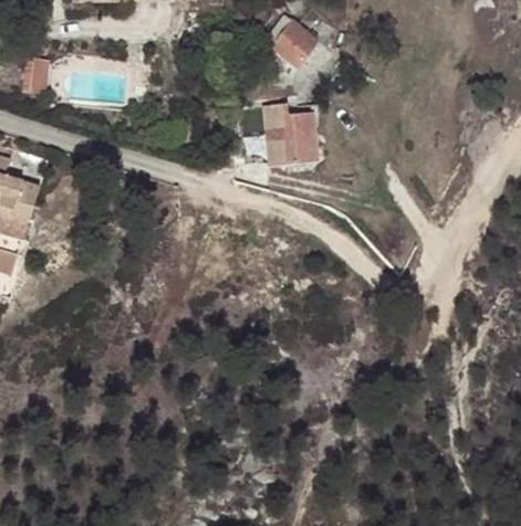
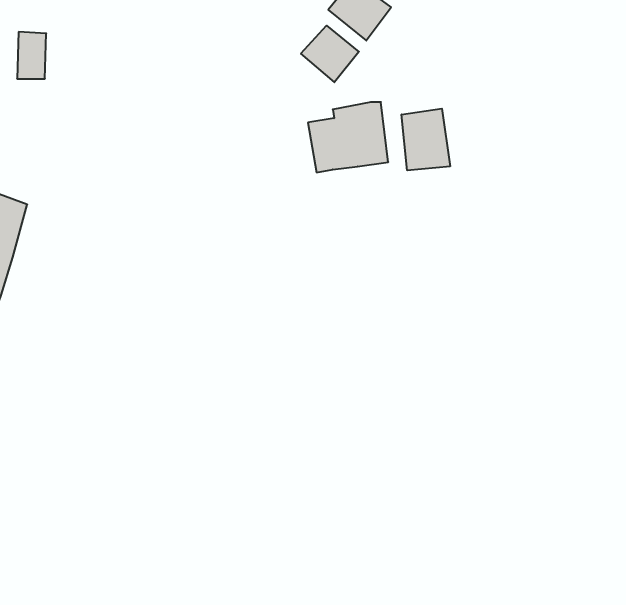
building: none -> [301,26,359,82]
building: none -> [402,109,450,170]

